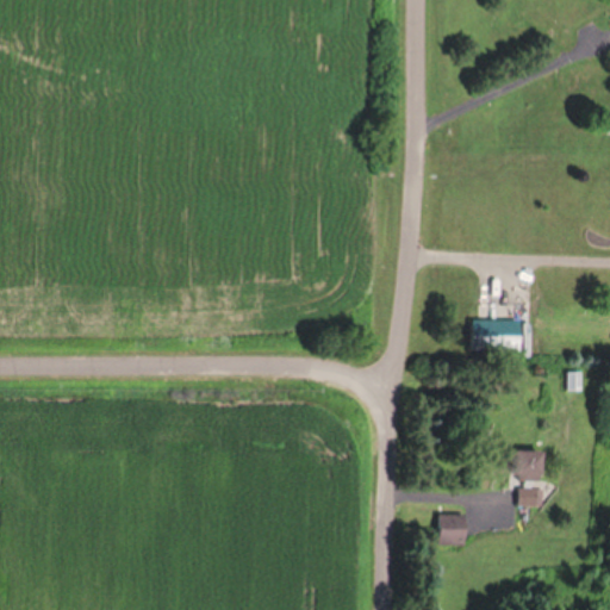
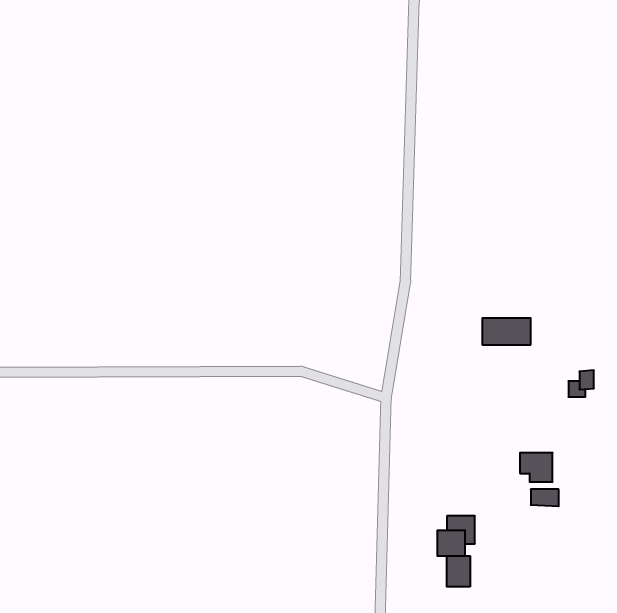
building: none -> [447,556,470,587]

